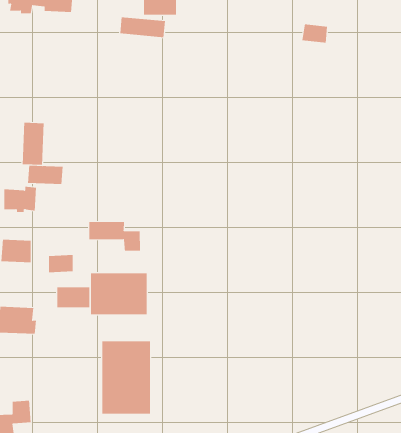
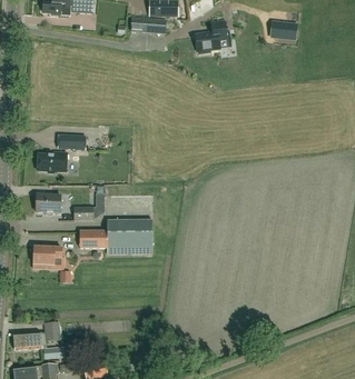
building: none -> [195,20,227,53]
building: [22,122,44,166] -> none
building: [89,221,140,251] -> none
building: [102,341,150,415] -> none

